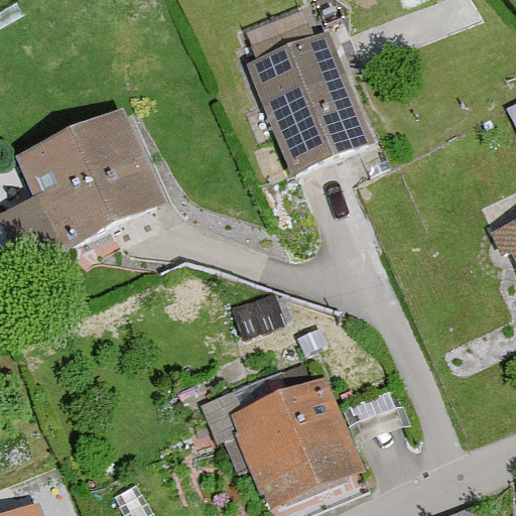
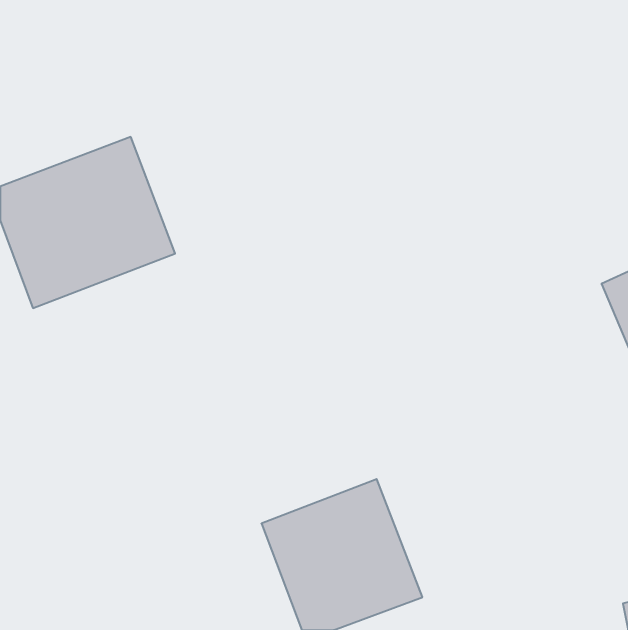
building: [243,22,365,171] -> none

